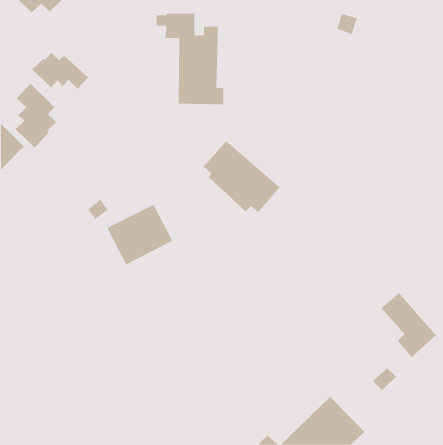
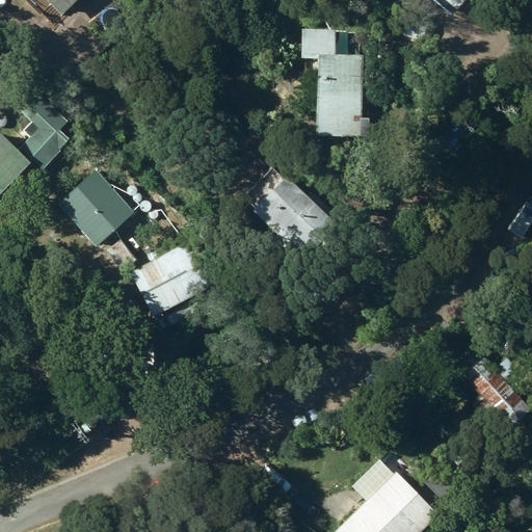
building: [156,13,224,105] -> [289,28,370,137]
building: [32,52,89,89] -> none
building: none -> [56,167,136,247]

